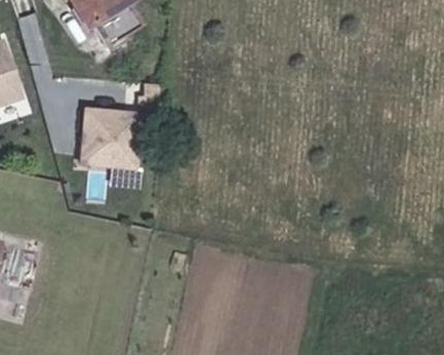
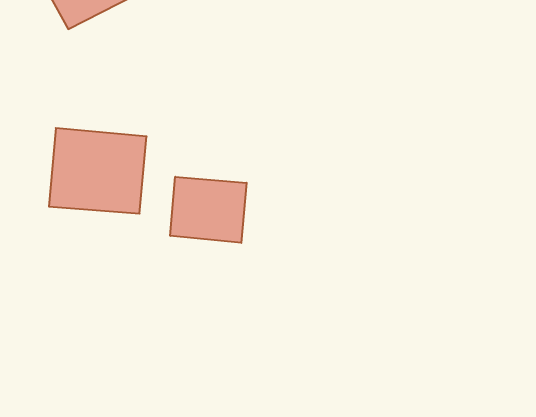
building: none -> [170,177,247,243]

